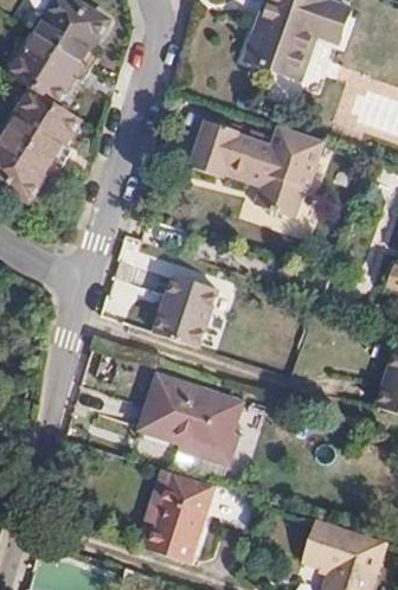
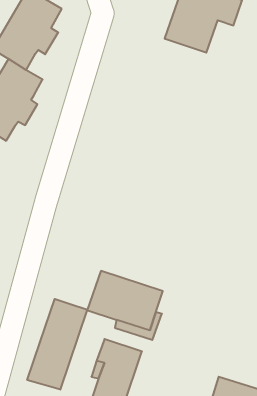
building: [187,121,323,218] -> none
building: [153,272,217,346] -> none
building: none -> [27,299,87,390]

